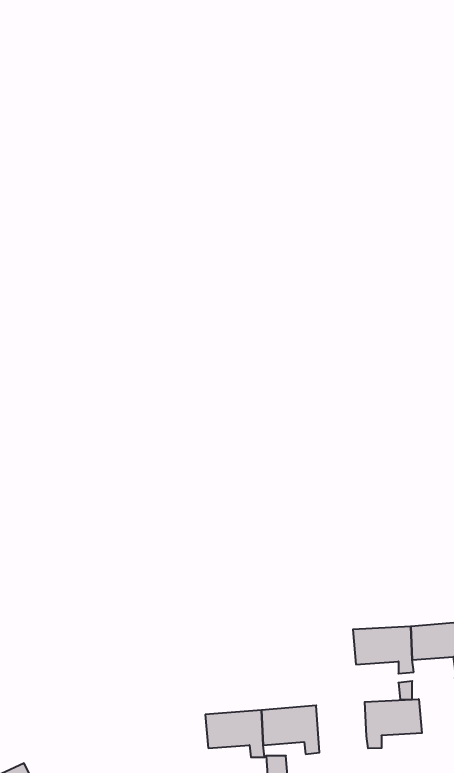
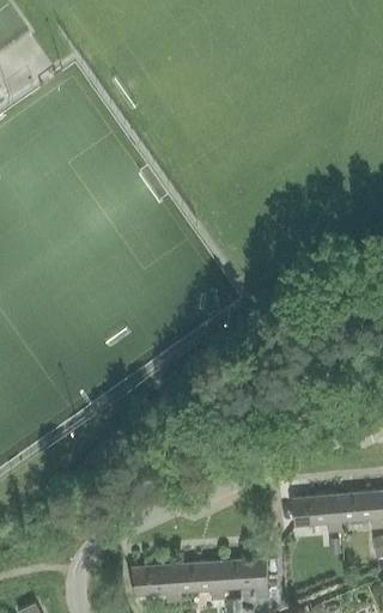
building: [365,699,422,748] -> none
building: none -> [133,565,181,602]

